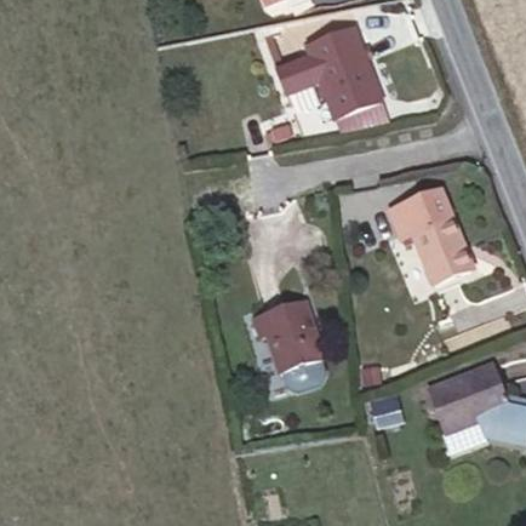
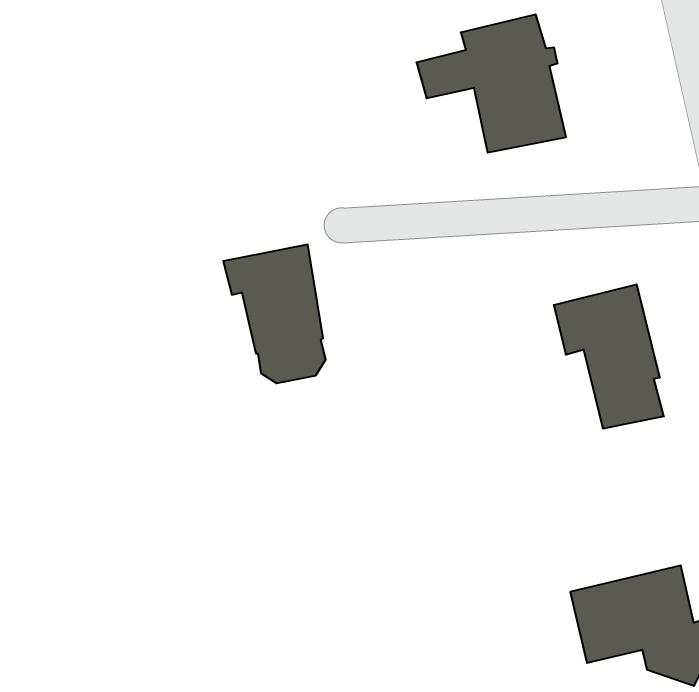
building: [251,299,325,390] -> [223,244,326,383]

